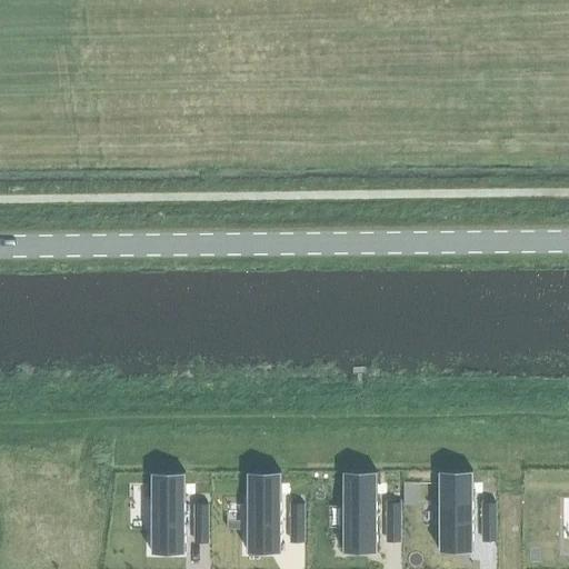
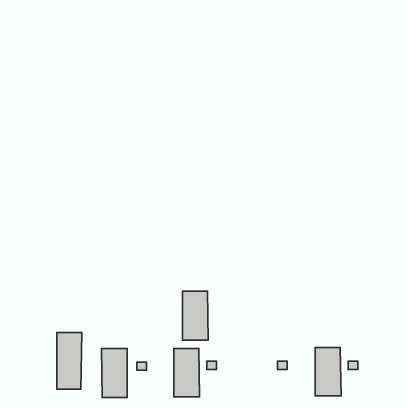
building: none -> [57,332,82,389]
building: [343,480,379,548] -> [183,291,208,340]

